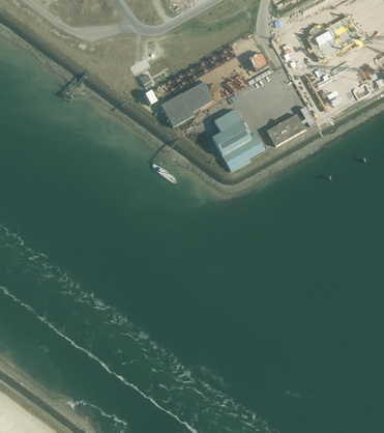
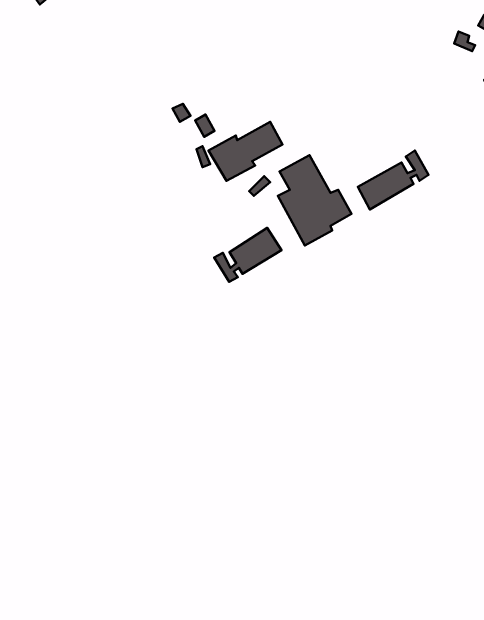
building: none -> [214,228,281,282]

